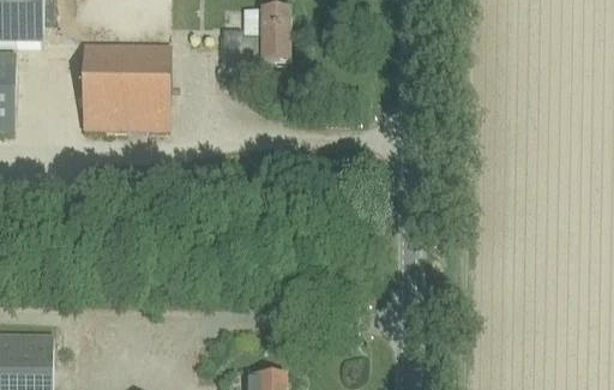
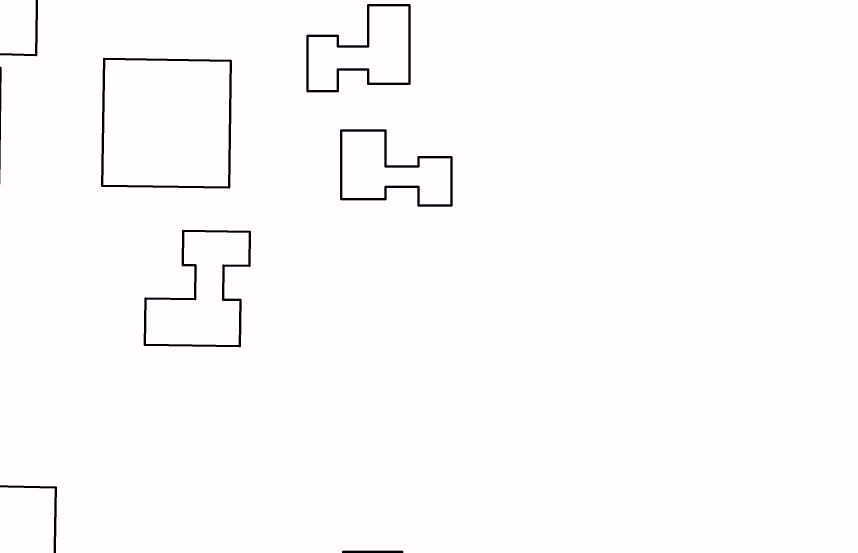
building: none -> [341,131,451,205]
building: none -> [145,231,250,346]

